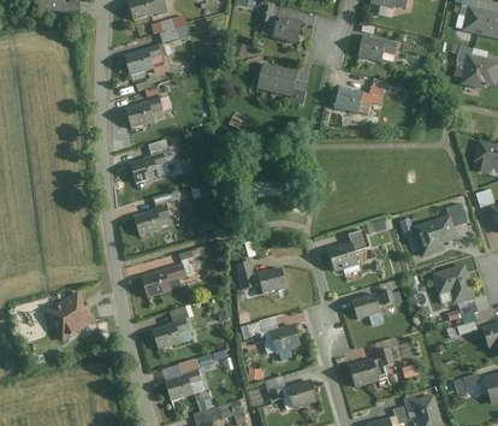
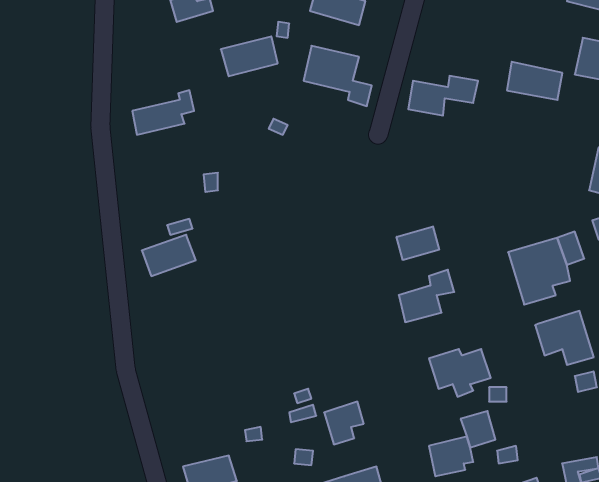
building: [354,32,396,61] -> [507,62,562,100]
building: [124,49,167,79] -> [221,36,278,76]
building: [130,138,171,183] -> none
building: none -> [397,226,439,260]
building: [142,265,186,296] -> none
building: [245,266,286,292] -> none
building: [41,290,94,341] -> none
building: [153,316,192,347] -> none

